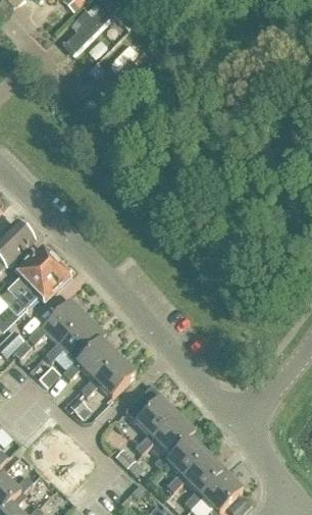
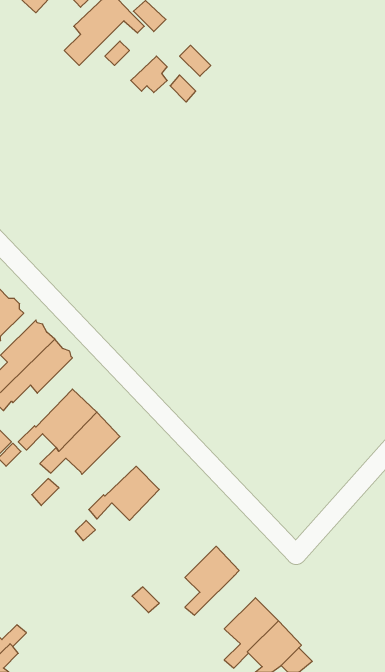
building: [64,339,118,379] -> none
building: [126,385,178,454] -> none
building: [167,439,208,491] -> none

